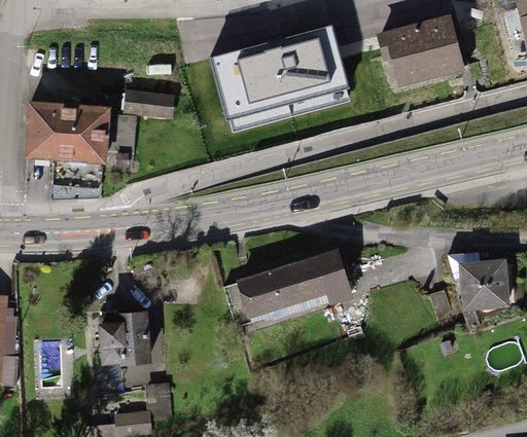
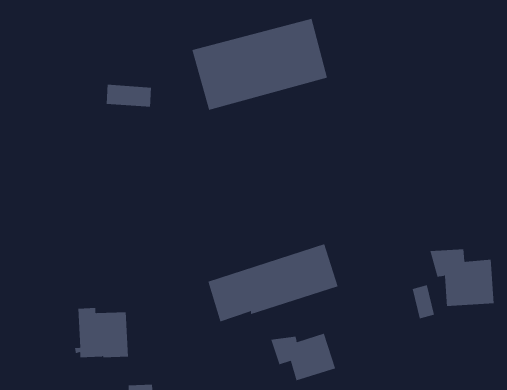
building: [376,13,464,78] -> none
building: [30,104,139,167] -> none
building: none -> [271,333,336,381]

